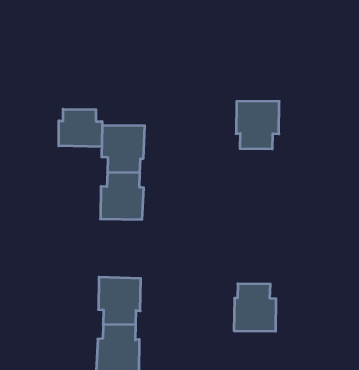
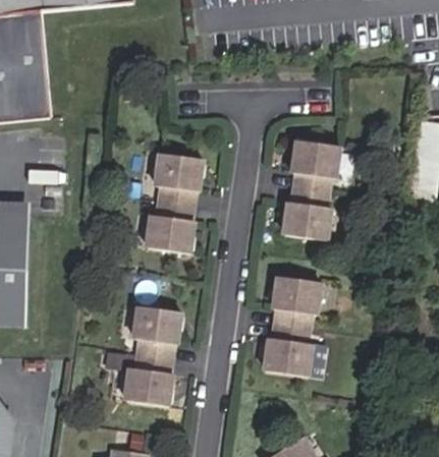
building: [59,109,102,147] -> none
building: none -> [284,189,330,240]
building: none -> [274,277,321,329]

